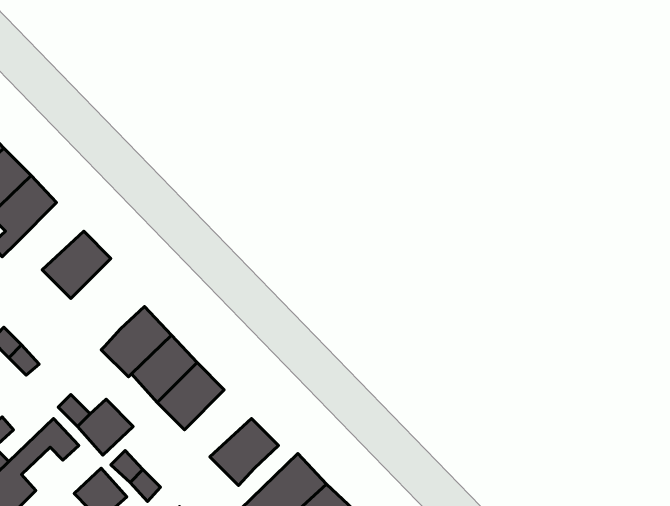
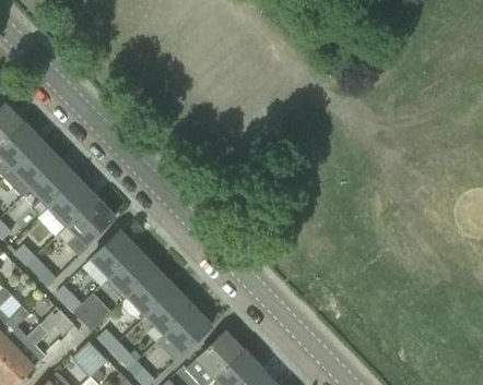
building: none -> [31,160,78,217]
building: none -> [68,198,115,256]
building: none -> [146,288,192,334]

